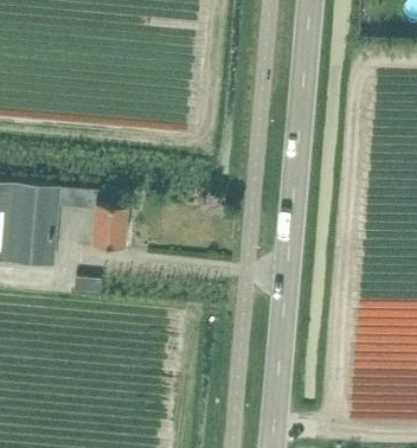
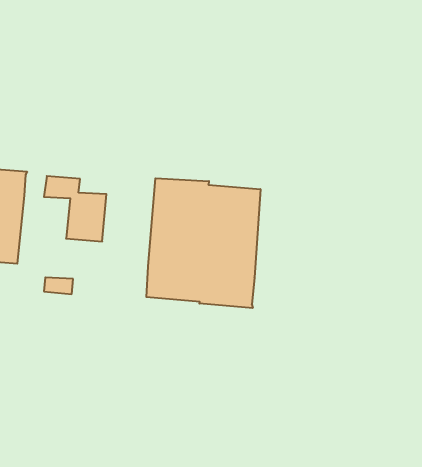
building: none -> [146,178,260,308]

